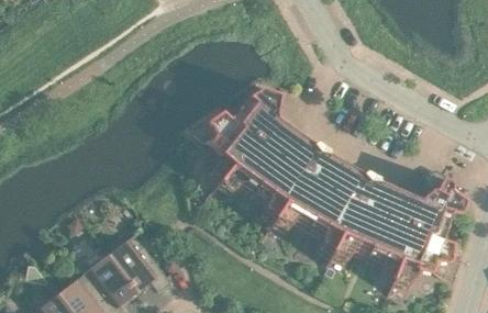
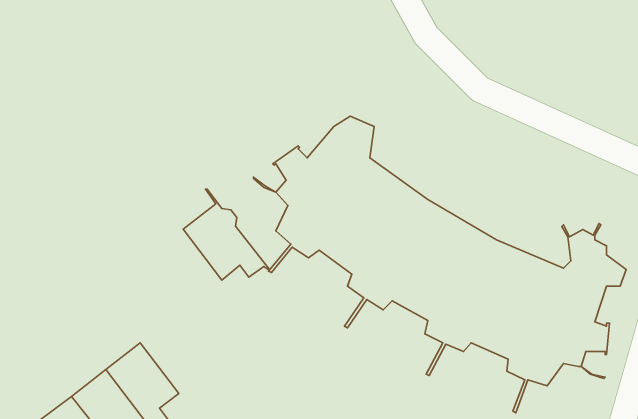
building: [109,224,173,291] -> [183,189,270,280]

